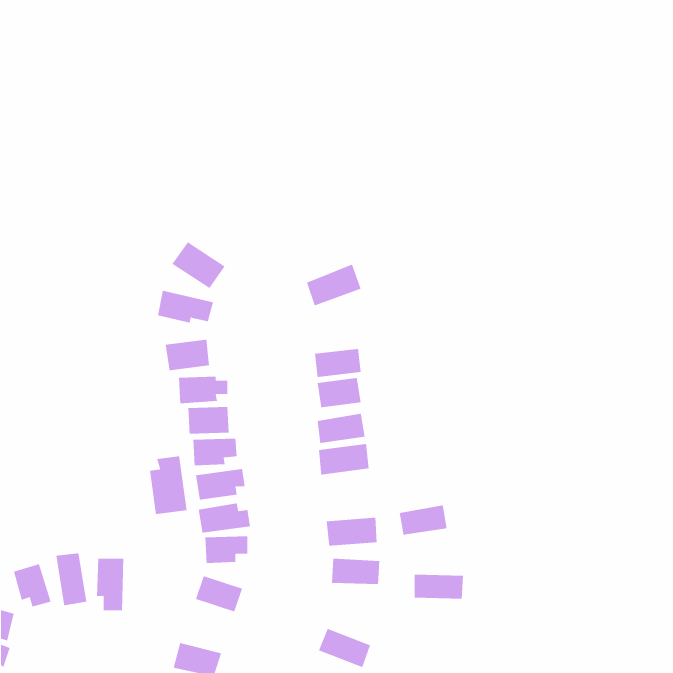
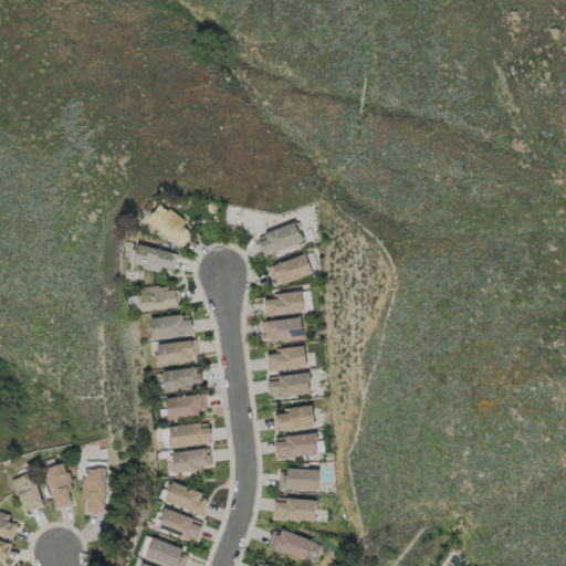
building: none -> [268,253,312,285]
building: [149,455,187,515] -> none
building: [399,505,448,535] -> [274,406,315,431]
building: [414,574,464,599] -> [274,500,316,521]
building: none -> [158,509,202,543]

